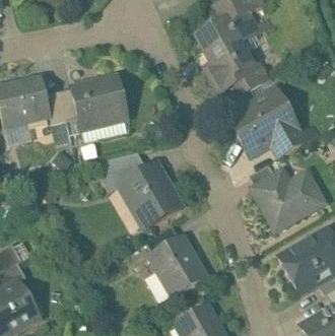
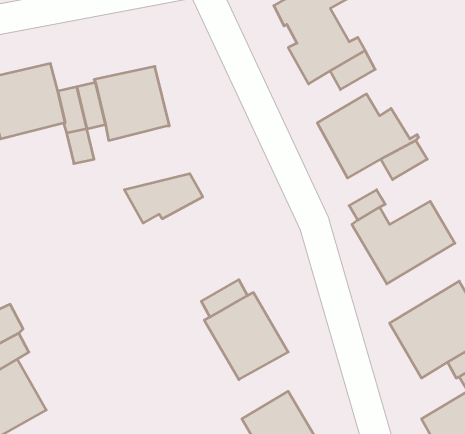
building: [119,162,182,228] -> none

